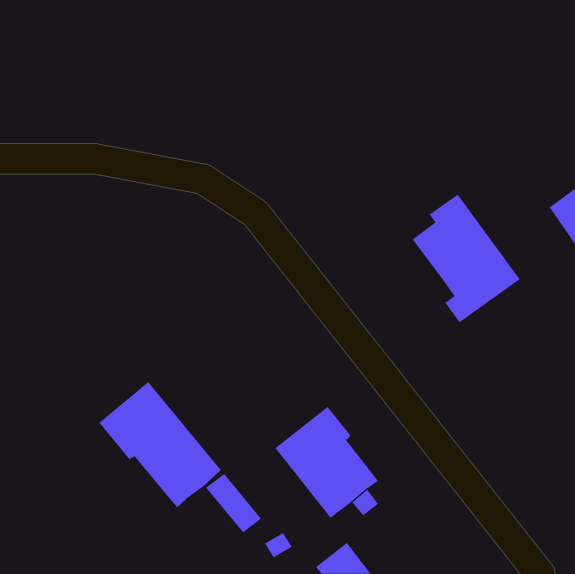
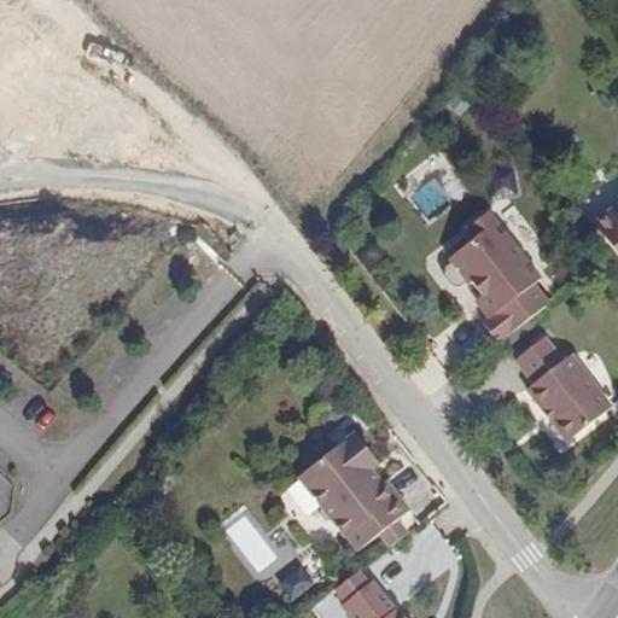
building: none -> [515,337,612,442]
building: [99,381,222,508] -> none

